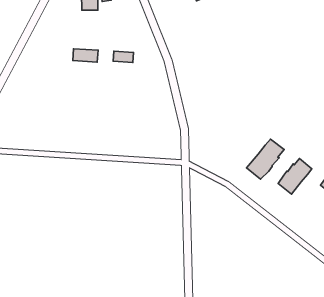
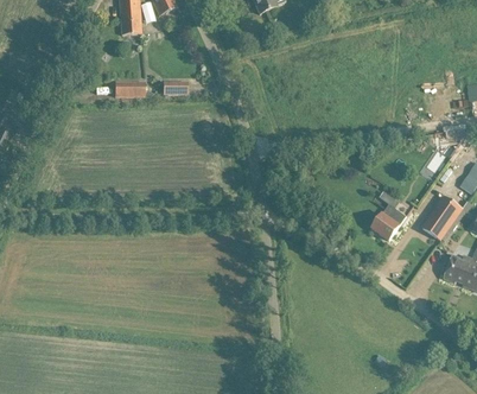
building: [247,139,284,179] -> none

